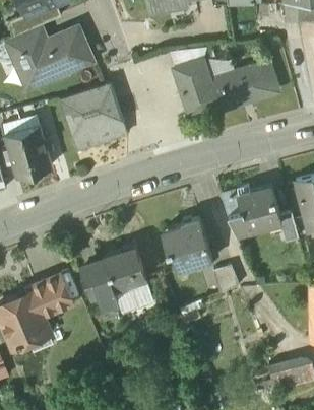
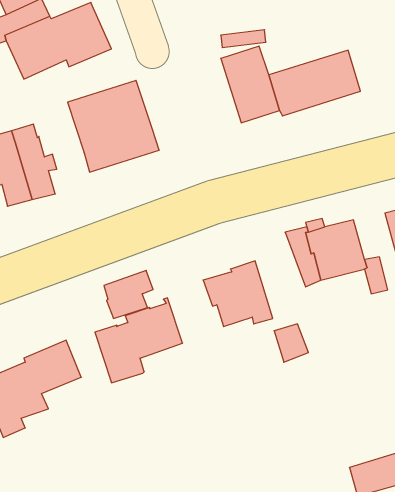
building: [114,278,150,314] -> [104,270,153,318]

